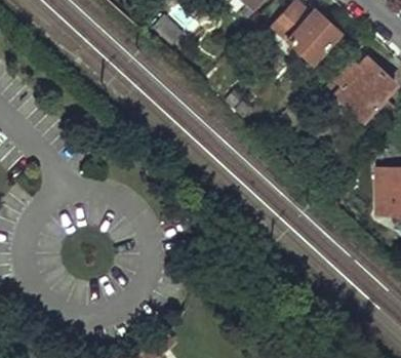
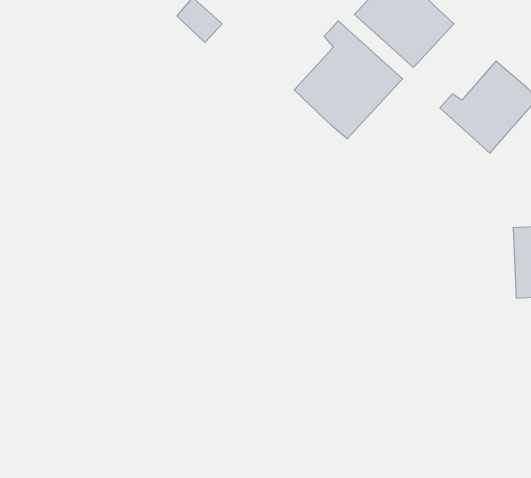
building: none -> [294,21,403,139]

